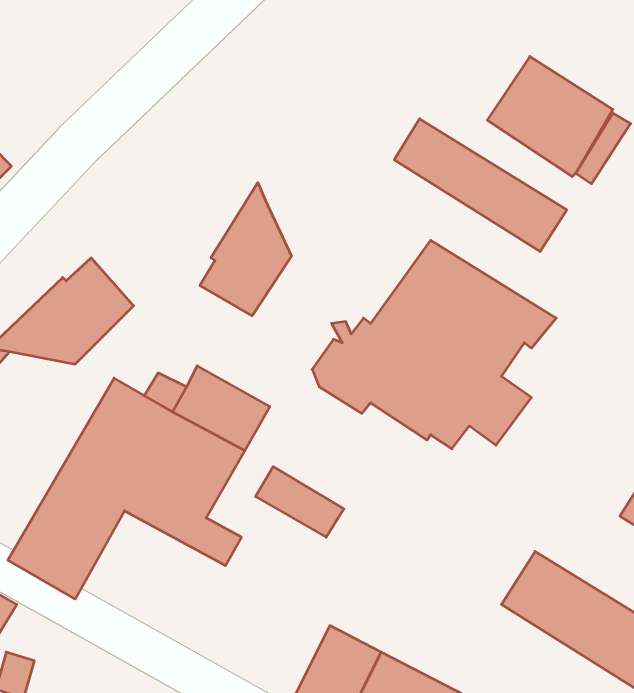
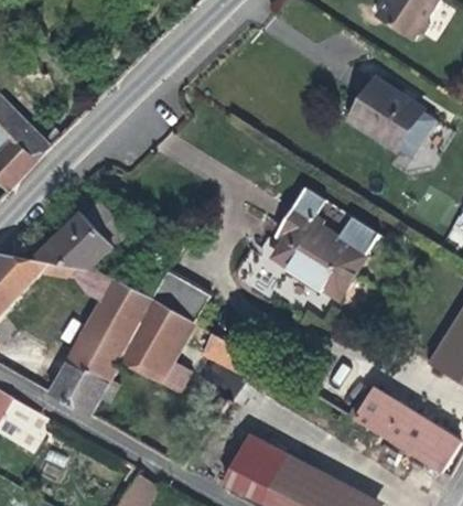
building: [394,119,567,252] -> none
building: [200,183,291,316] -> none

